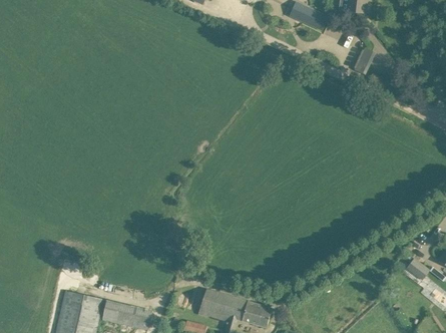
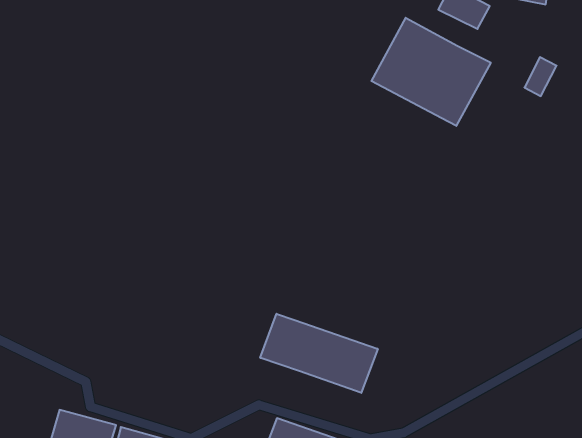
building: none -> [371,18,491,126]
building: none -> [260,314,378,393]

